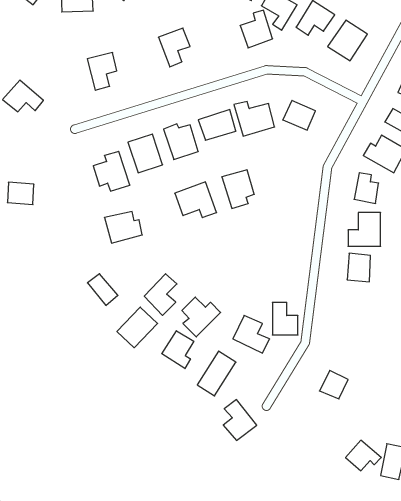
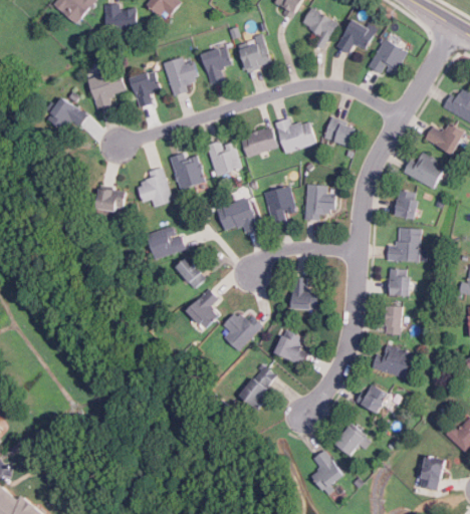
building: [240,10,273,48] -> [239,34,271,71]
building: none -> [164,57,198,95]
building: none -> [87,68,126,108]
building: none -> [306,185,335,219]
building: [7,182,34,205] -> [97,189,124,211]
building: [87,274,118,305] -> [176,257,206,288]
building: none -> [385,305,403,335]
building: [272,302,298,335] -> [293,277,318,309]
building: [117,307,158,348] -> none
building: [162,331,194,369] -> none
building: none -> [372,345,412,377]
building: [223,400,257,440] -> [311,451,344,491]
building: [346,440,381,471] -> [335,426,371,456]

